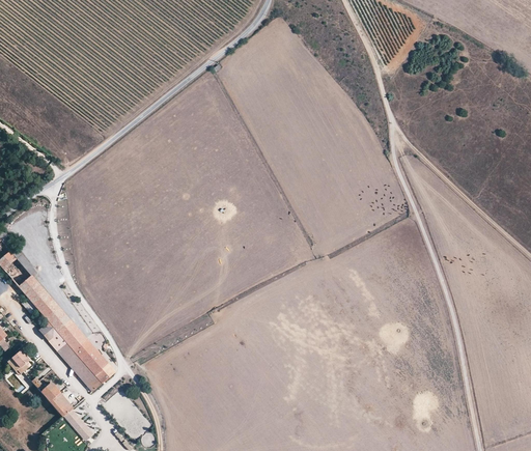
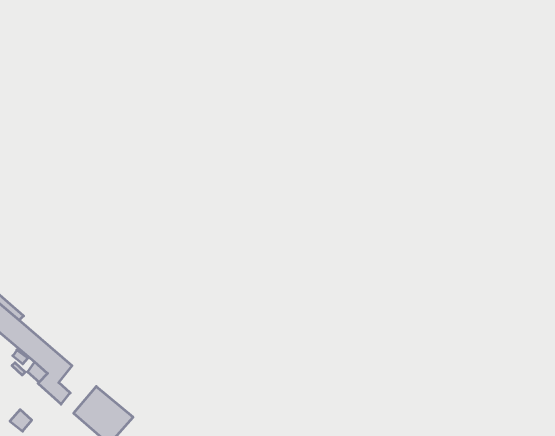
building: [57,320,89,361] -> none

